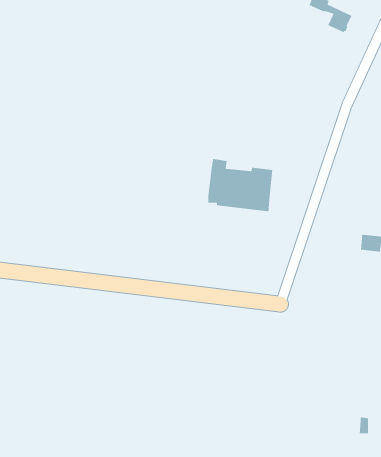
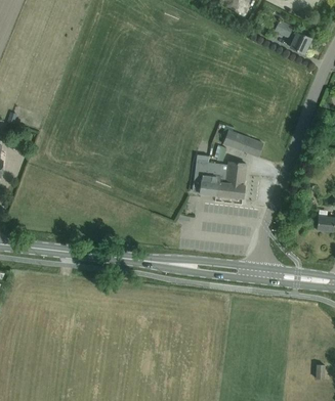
building: none -> [223,129,262,155]

